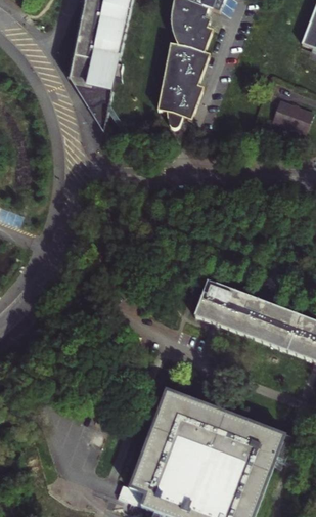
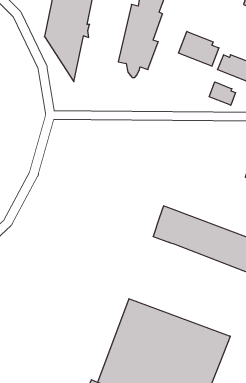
building: none -> [178,31,219,66]
building: none -> [209,82,236,105]

